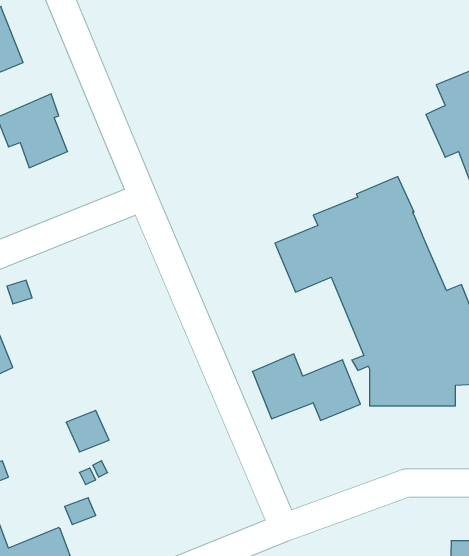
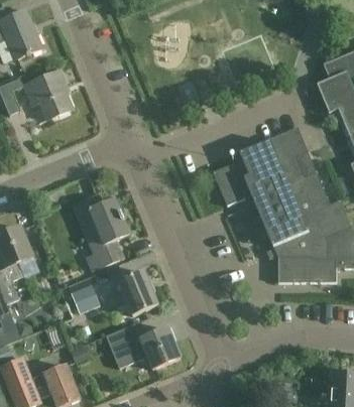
building: none -> [73,193,129,270]
building: [252,354,360,420] -> [106,322,180,368]
building: none -> [118,271,158,316]

